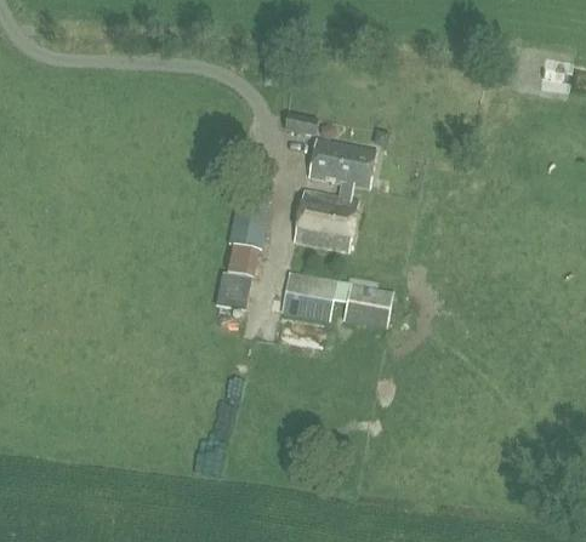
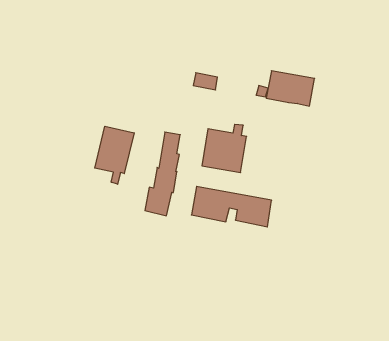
building: [308,139,376,189] -> [266,71,315,106]
building: none -> [95,126,134,184]

